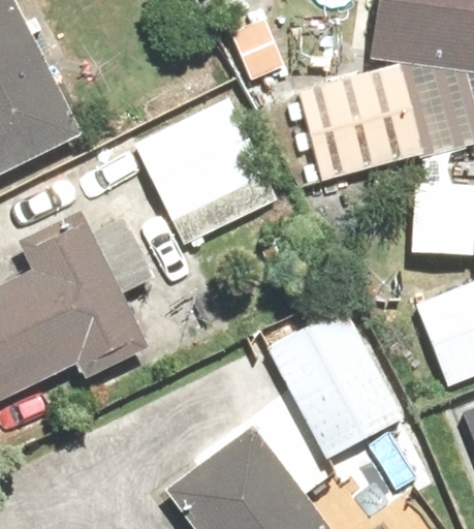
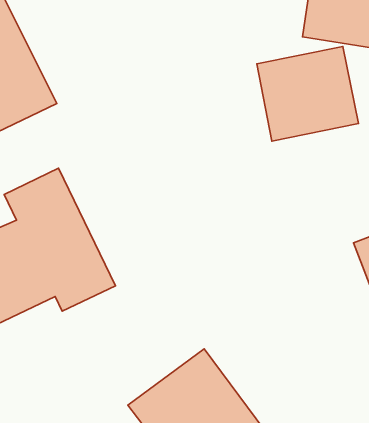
building: [141,95,287,246] -> none
building: [273,304,412,459] -> none

